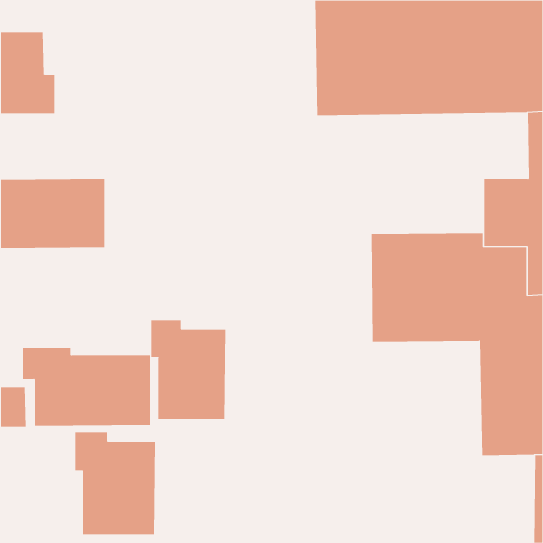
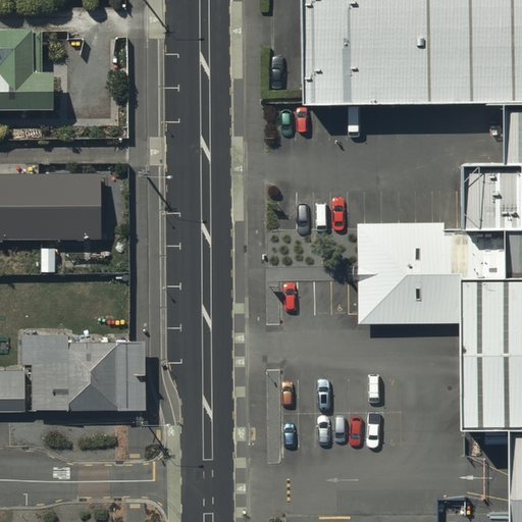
building: [151,320,226,420] -> none
building: [75,432,156,535] -> none

